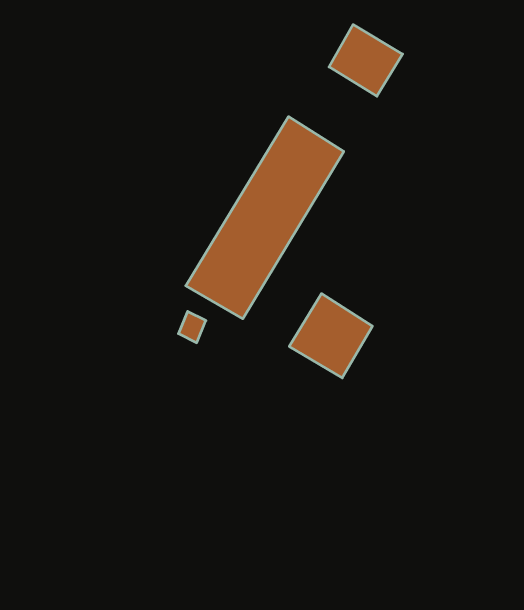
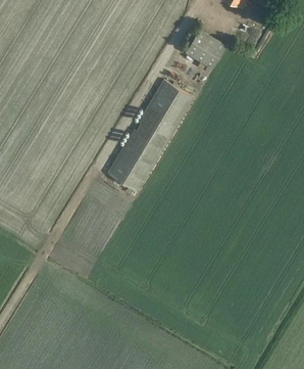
building: [289,294,372,378] -> none

